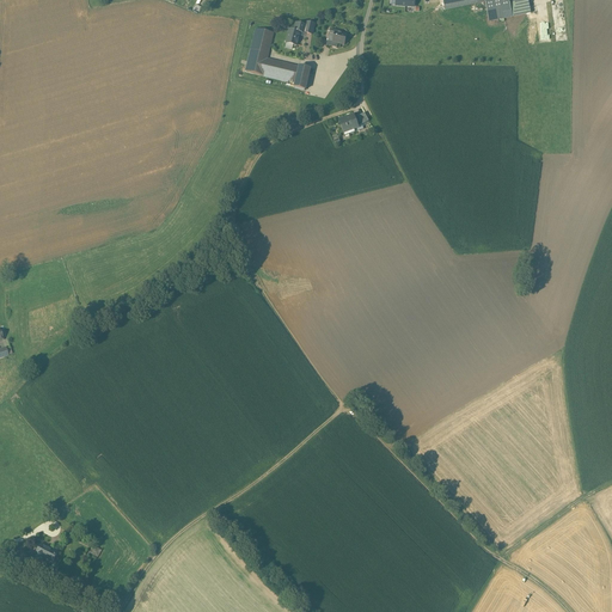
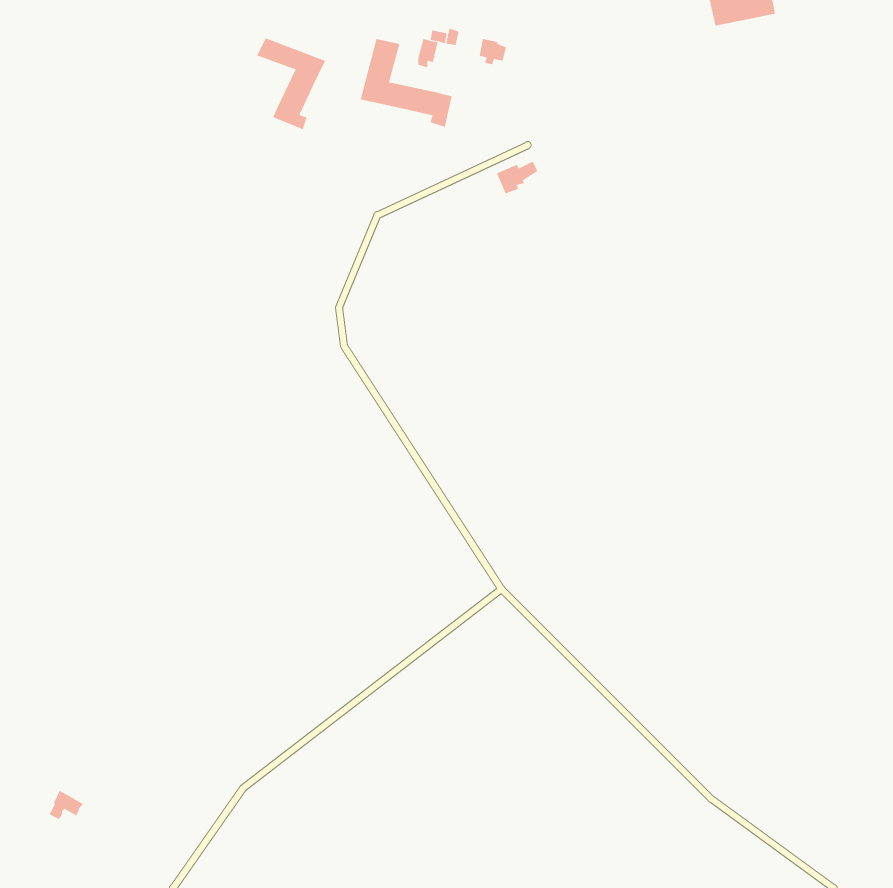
building: none -> [257,37,326,130]

